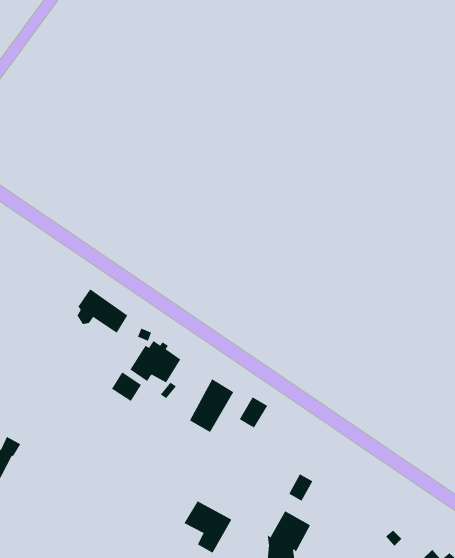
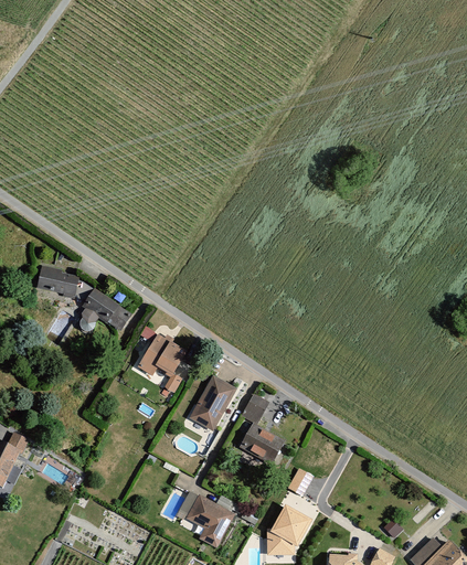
building: none -> [39,265,78,295]
building: [111,372,142,402] -> none
building: none -> [241,423,284,463]

